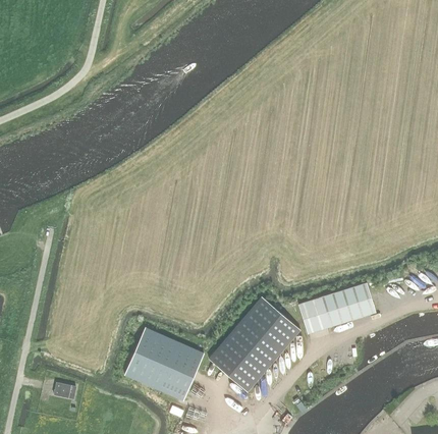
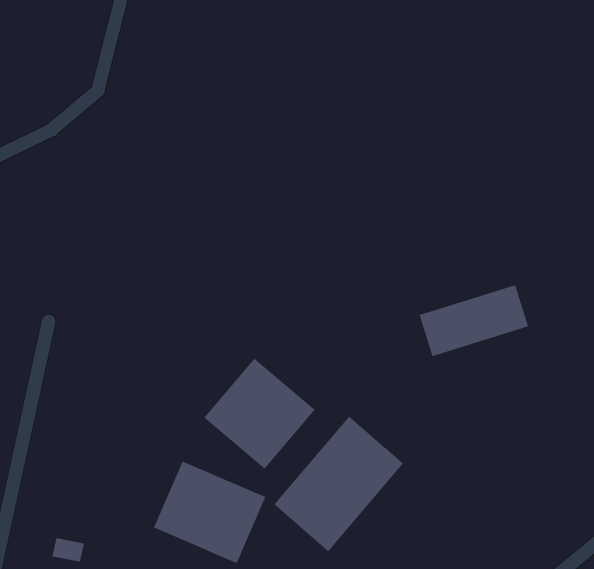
building: none -> [204,358,315,469]
building: [298,283,376,334] -> [419,284,529,357]

